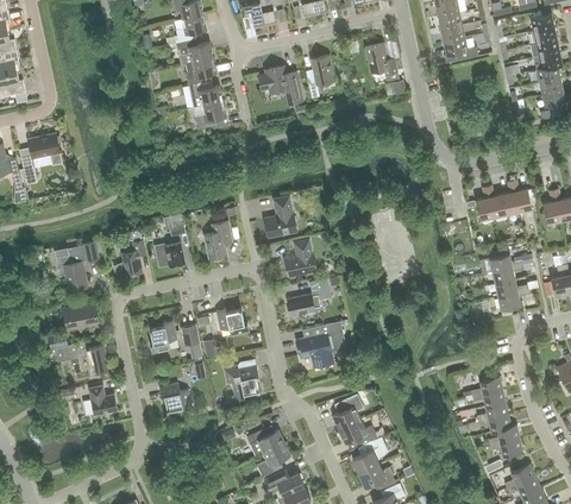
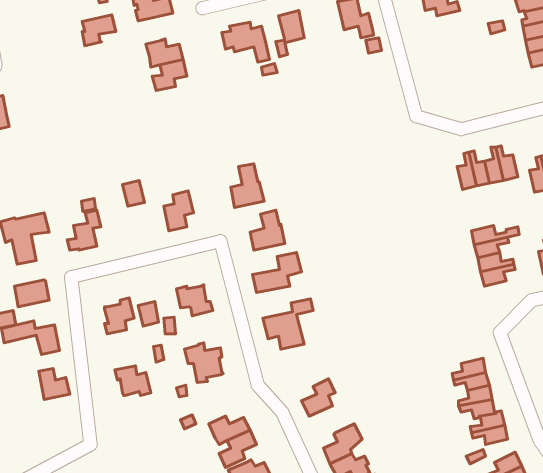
building: [186,57,217,86] -> [82,15,116,46]
building: [156,241,184,266] -> none
building: [339,420,382,445] -> none

